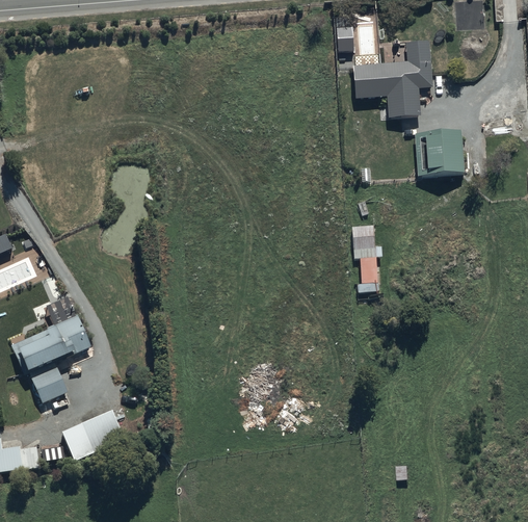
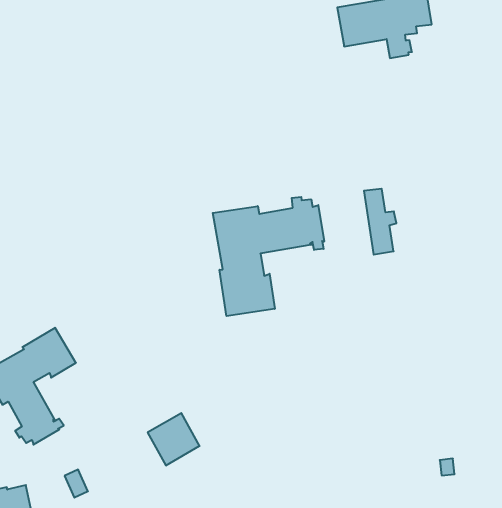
building: [414,129,464,176] -> none
building: none -> [213,197,324,316]
building: [80,410,124,453] -> [148,413,200,465]

